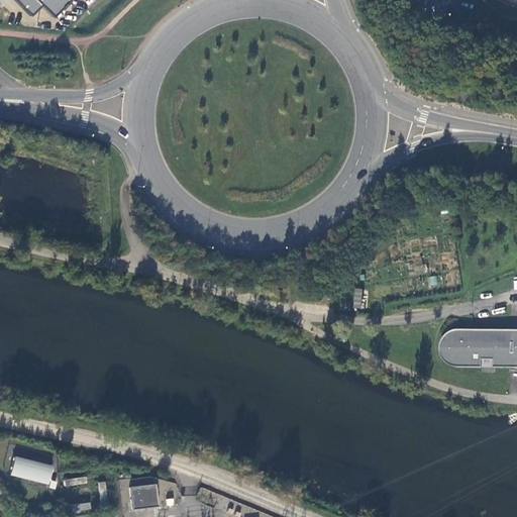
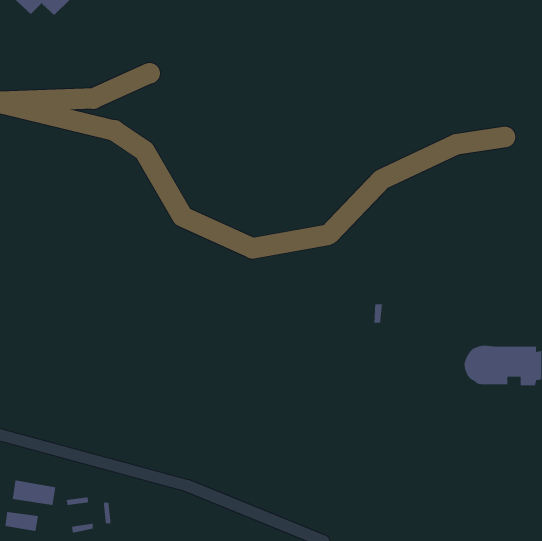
building: [128,481,154,504] -> none
building: none -> [4,511,39,532]

